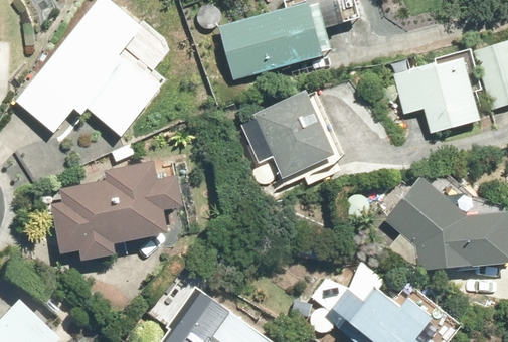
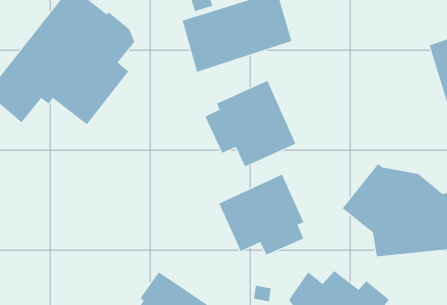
building: [393,55,482,134] -> none
building: [50,159,183,260] -> none
building: none -> [219,174,304,255]

